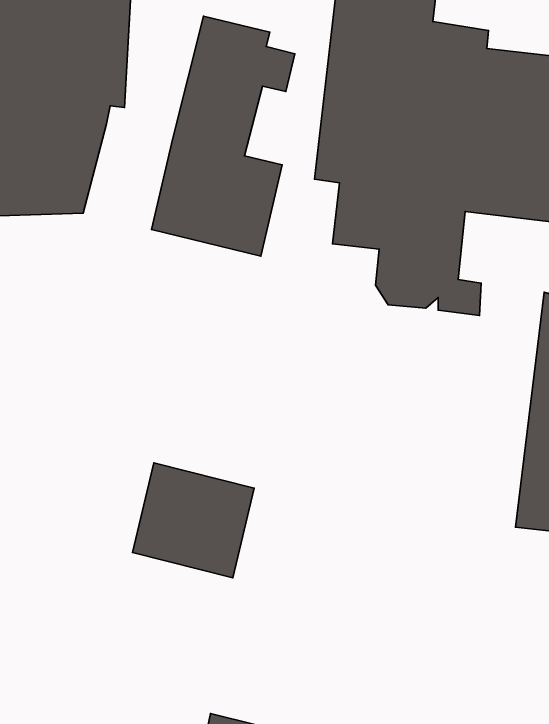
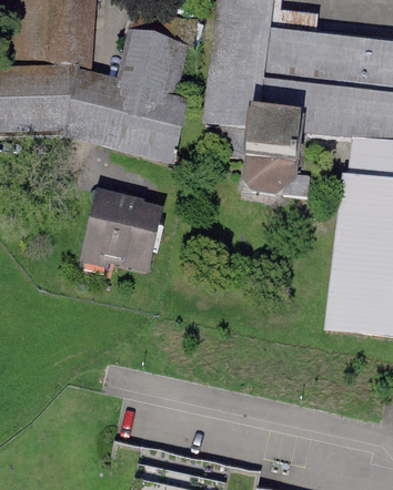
building: none -> [63,78,119,143]
building: [132,463,254,578] -> [85,196,161,267]

